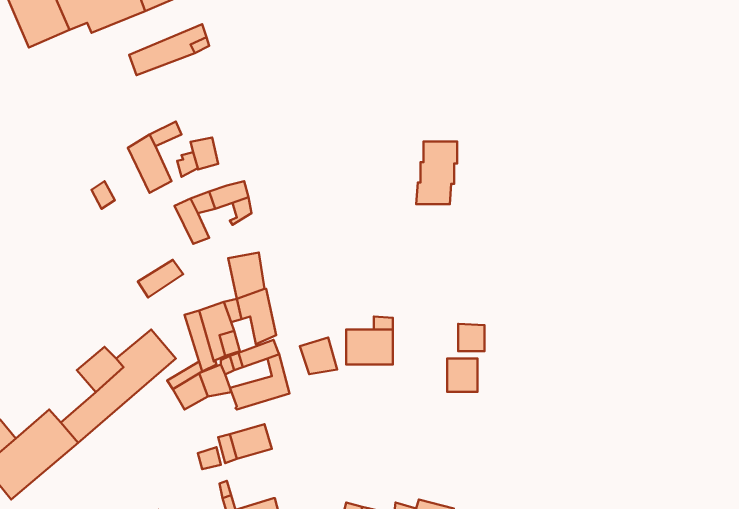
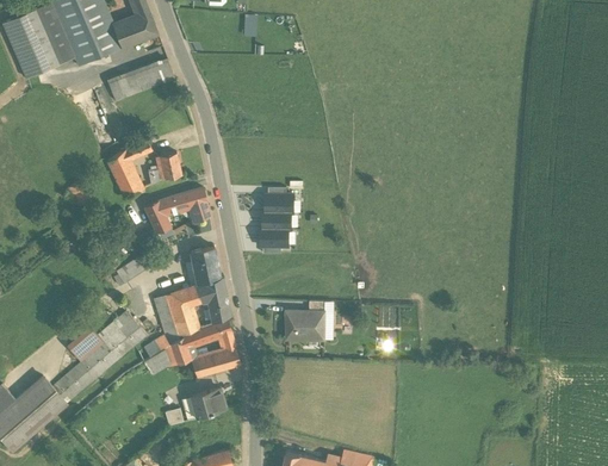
building: [416,142,457,204] -> [259,194,292,246]
building: [300,338,337,374] -> none
building: [447,358,478,392] -> none

